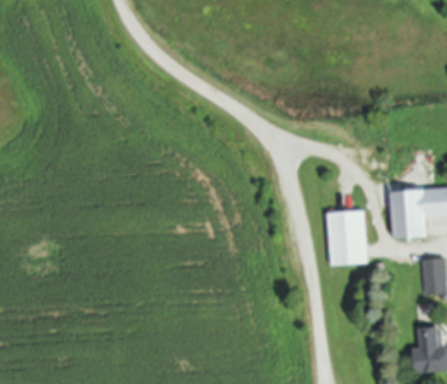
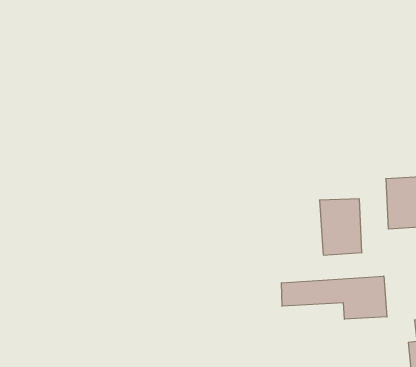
building: none -> [282,276,387,319]

